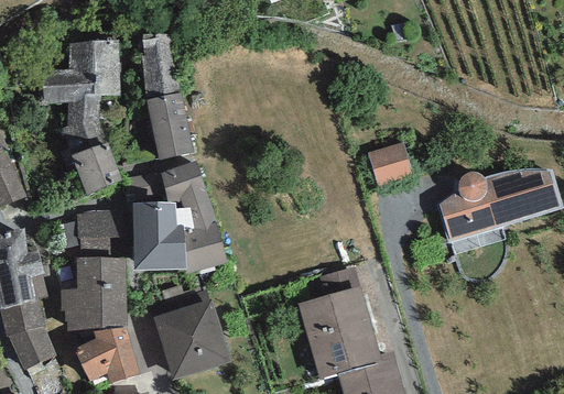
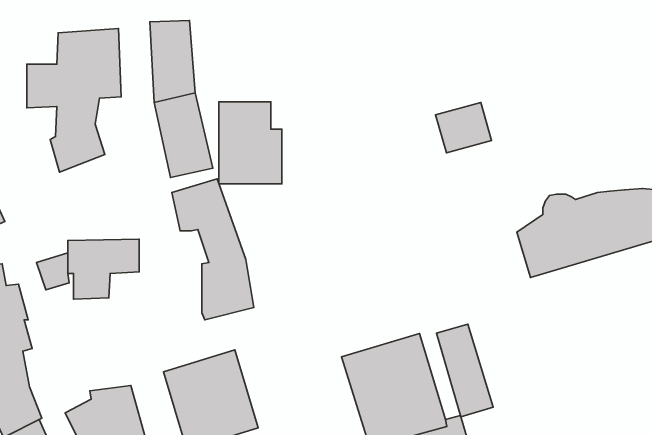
building: [69,141,120,194] -> none
building: [367,142,412,183] -> [436,102,492,153]
building: [133,203,184,269] -> [219,102,282,184]
building: [61,256,127,330] -> none
building: none -> [436,324,493,417]

